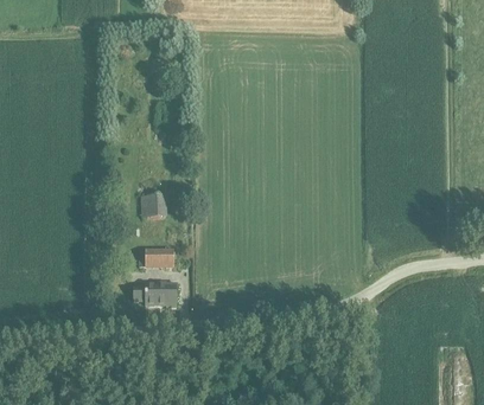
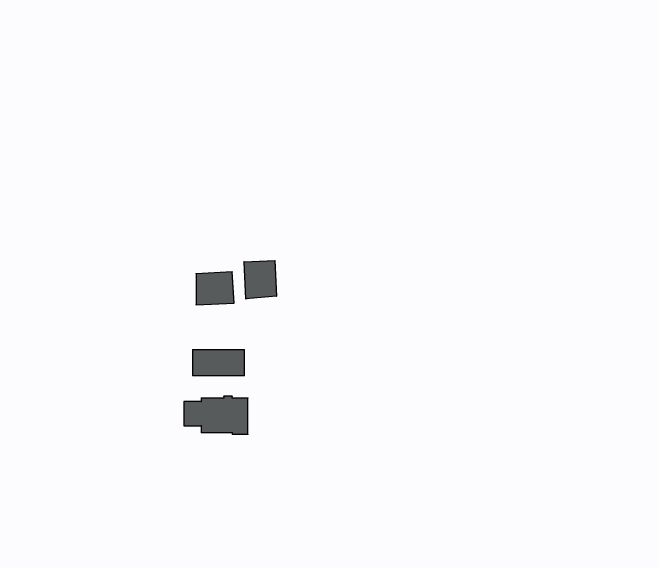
building: none -> [244,261,276,299]

